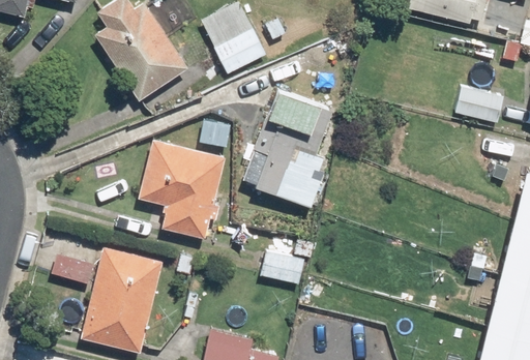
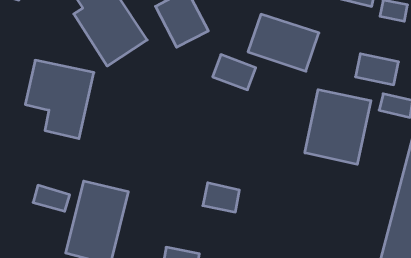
building: none -> [305,90,371,164]
building: [243,132,333,205] -> [248,14,319,71]
building: [138,140,225,239] -> [25,60,94,139]

